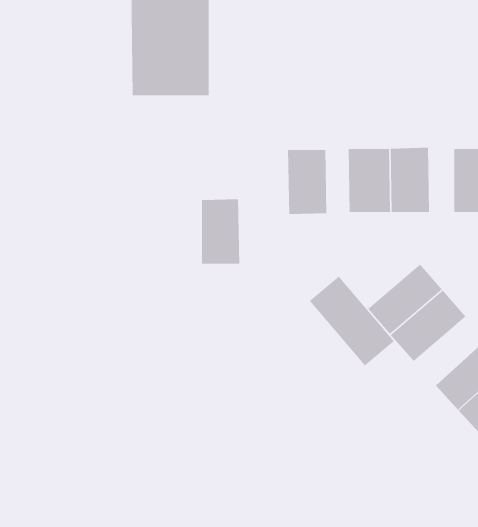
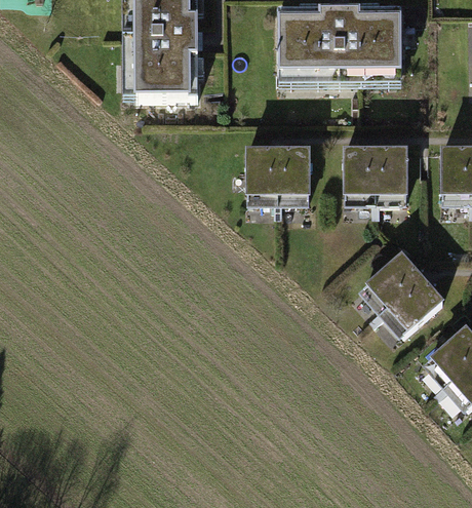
building: none -> [272,8,404,81]
building: [201,198,240,264] -> [241,144,278,206]
building: [309,276,395,366] -> none

